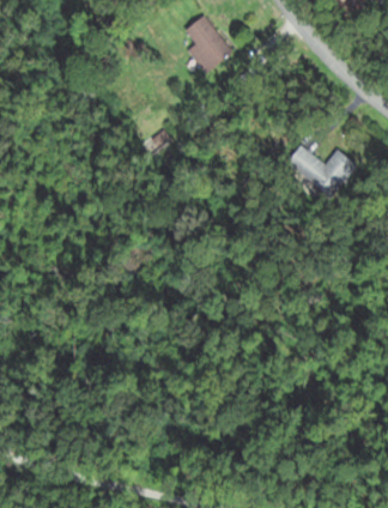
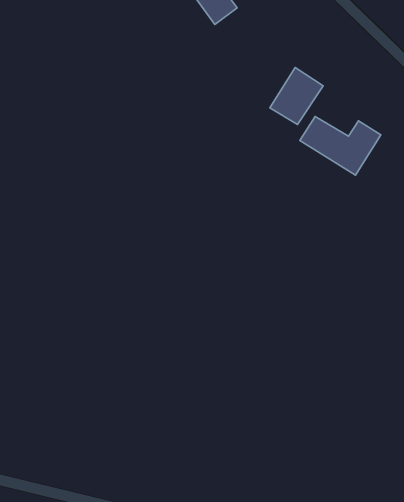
building: none -> [270,68,323,125]

